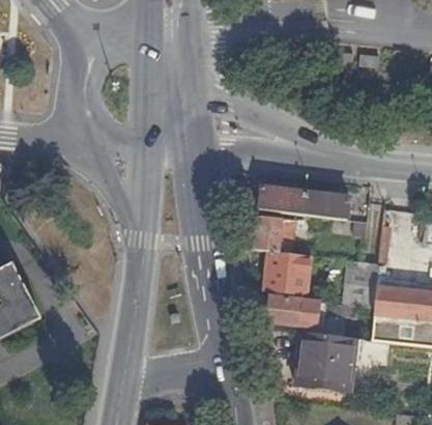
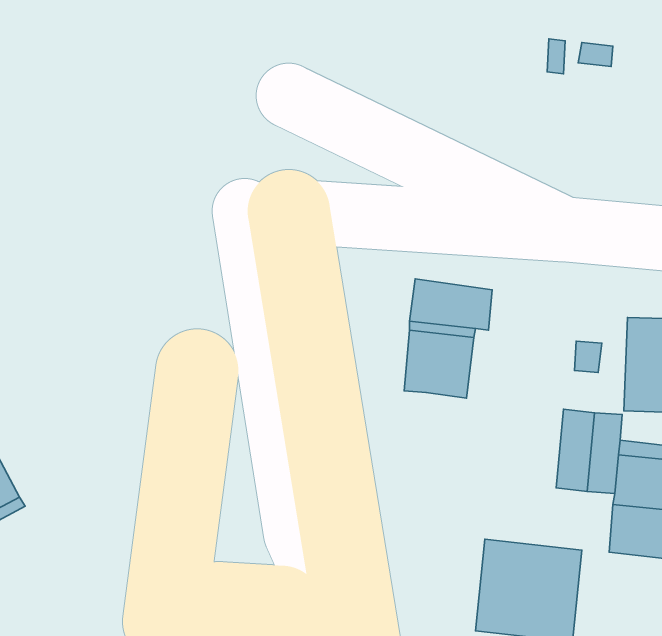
building: [303,192,349,220] -> none
building: [263,250,310,293] -> none
building: [267,295,358,327] -> none

